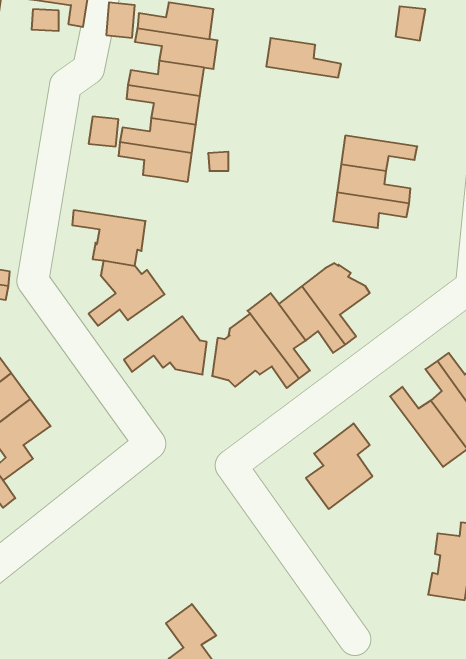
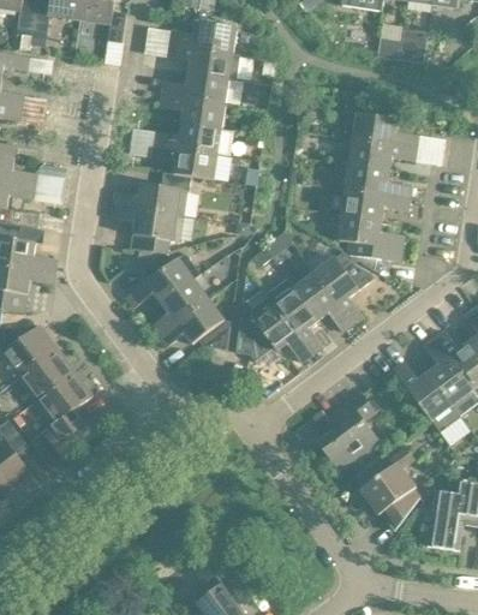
building: [266,38,341,77] -> [353,113,419,148]
building: none -> [113,172,191,214]
building: none -> [339,214,404,269]
building: none -> [150,279,209,336]
building: none -> [360,446,419,531]

